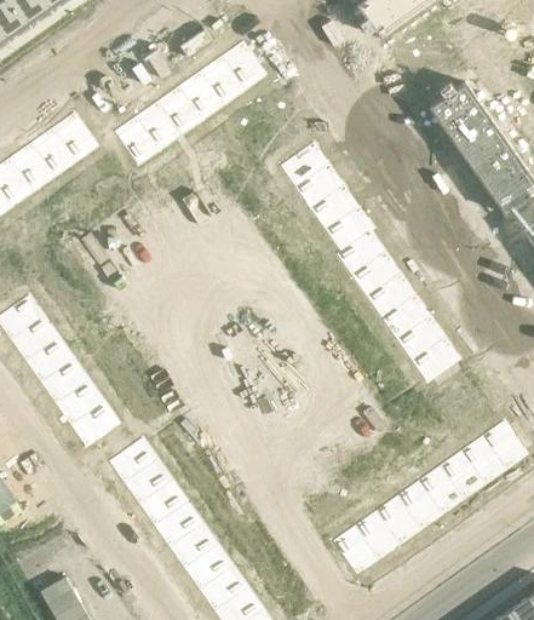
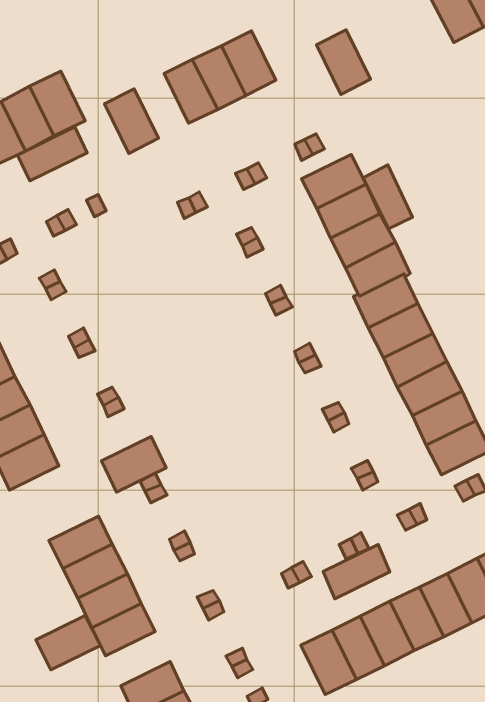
building: [220,38,268,90] -> [317,30,371,94]
building: [134,98,182,150] -> none
building: none -> [363,165,413,229]
building: none -> [17,127,87,181]
building: [107,435,159,483] -> [102,437,166,492]
building: none -> [323,544,390,599]
building: [182,542,234,590] -> [36,616,100,670]

